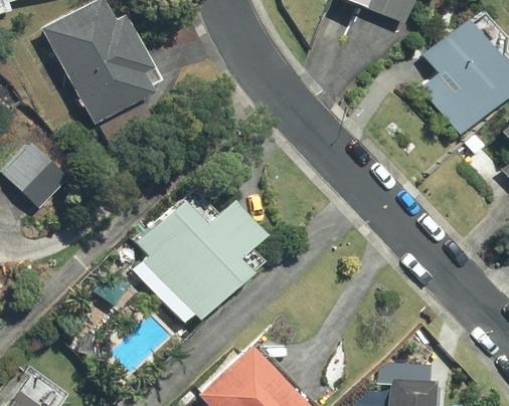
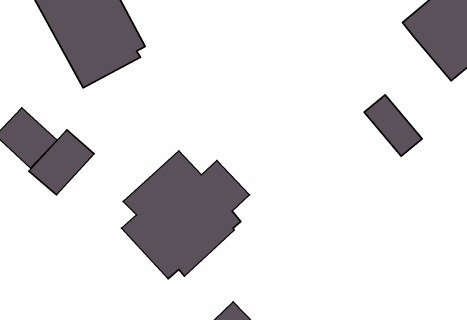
building: [420,69,482,134] -> [364,95,422,156]
building: none -> [29,130,94,195]

